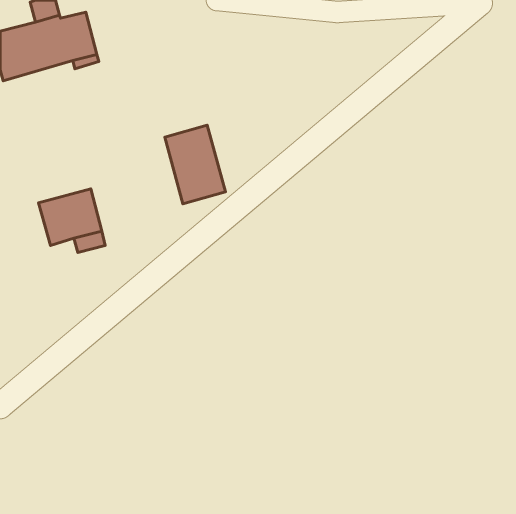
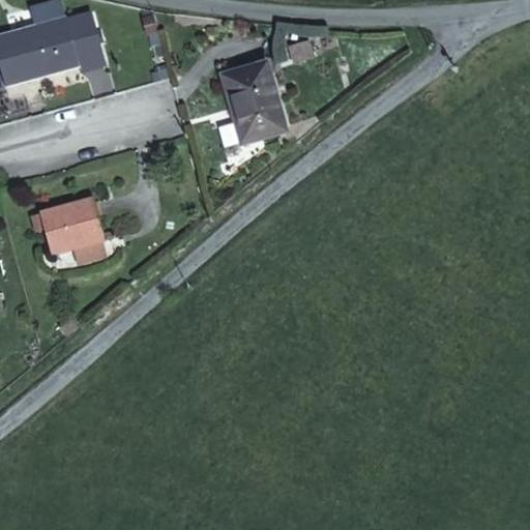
building: [165,125,225,204] -> [224,63,286,144]

